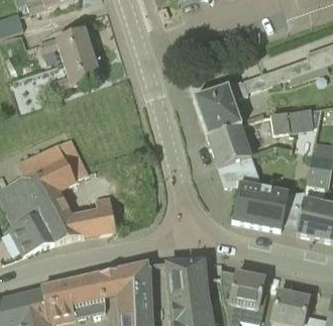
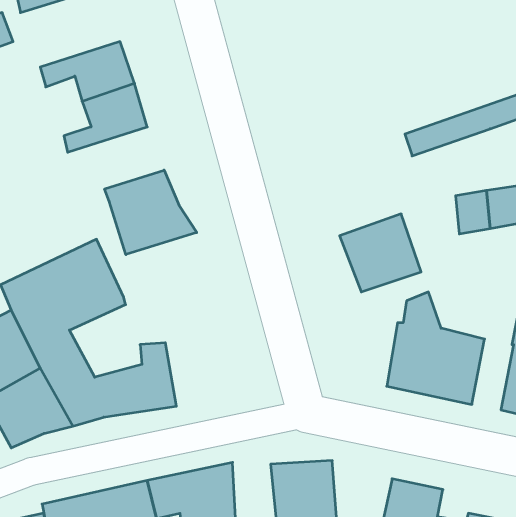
building: [194,80,248,136] -> none
building: none -> [105,170,197,255]
building: [219,156,256,186] -> none

